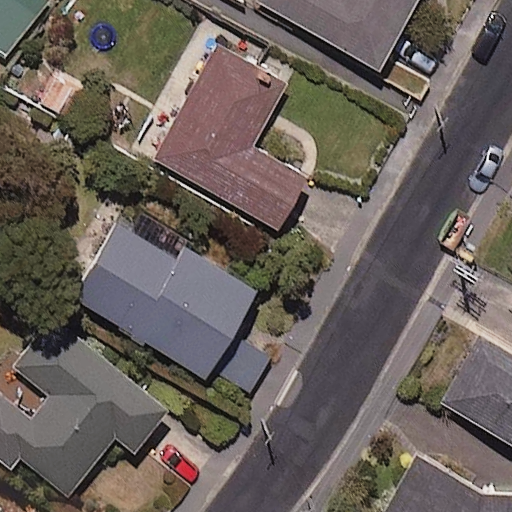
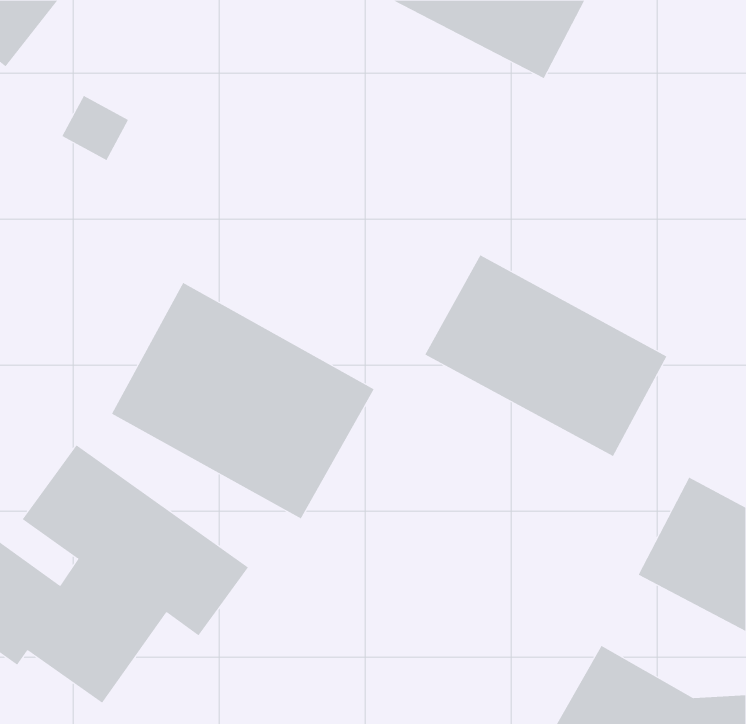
building: [157,50,307,227] -> none
building: none -> [424,254,667,457]

